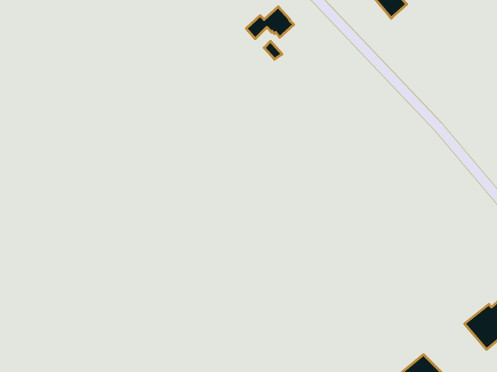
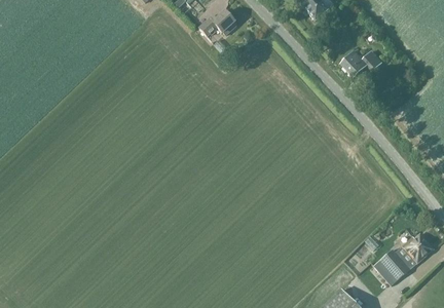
building: none -> [340,49,382,76]

